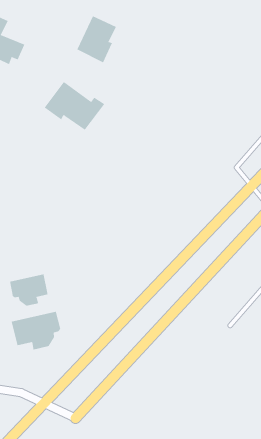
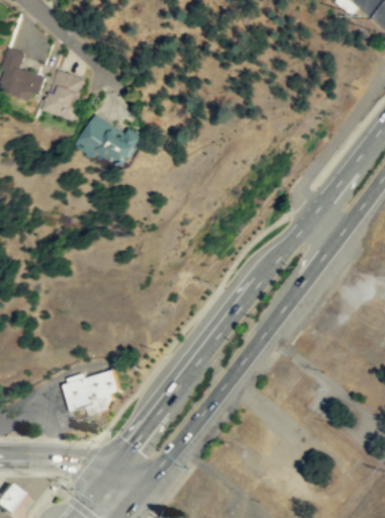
building: [76,15,117,63] -> [40,69,83,120]
building: [9,273,48,306] -> none

